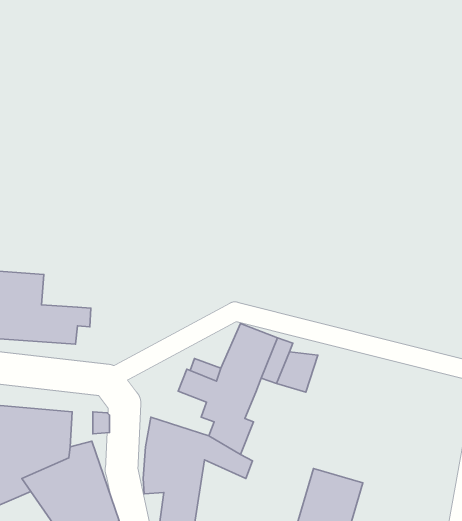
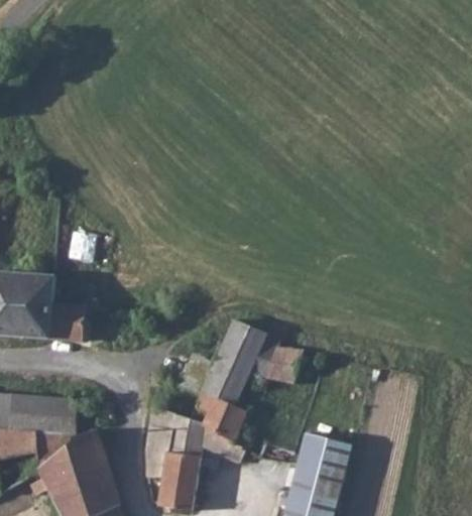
building: none -> [301,433,351,468]

